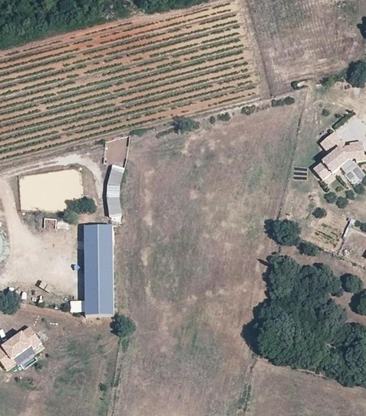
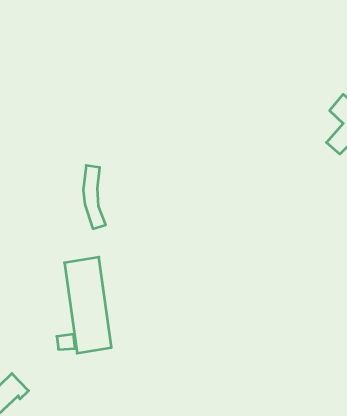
building: [84,225,113,241] -> none

